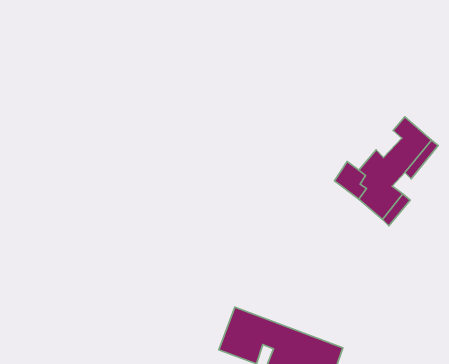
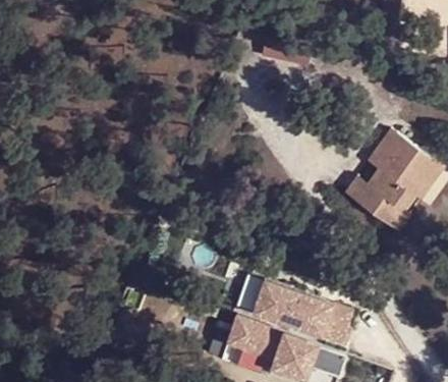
building: none -> [362,124,399,172]
building: none -> [250,277,351,341]

